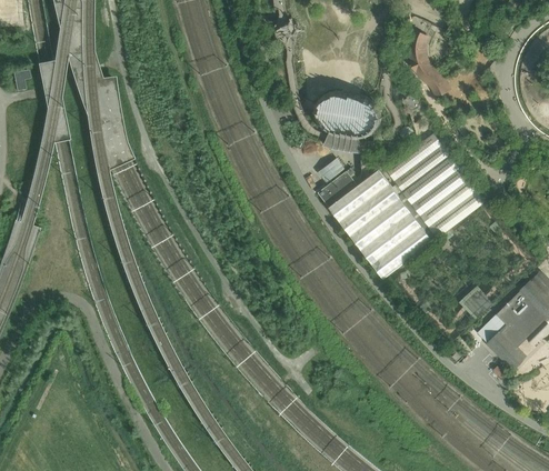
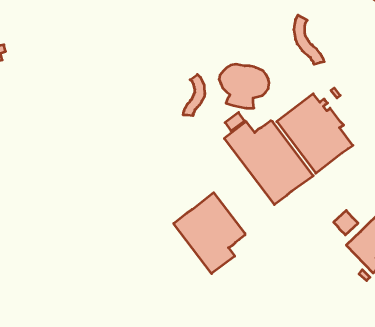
building: none -> [183,74,205,116]
building: none -> [174,193,245,274]

